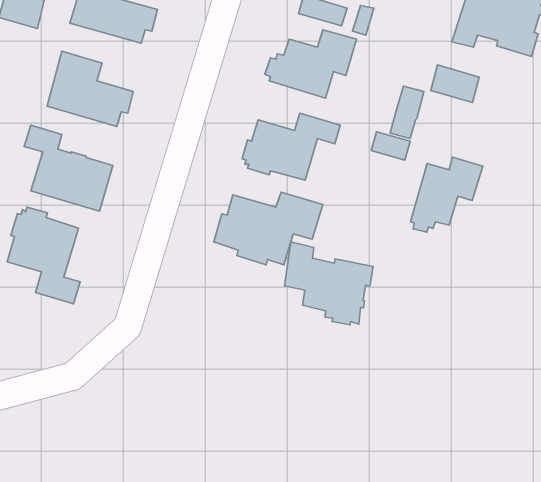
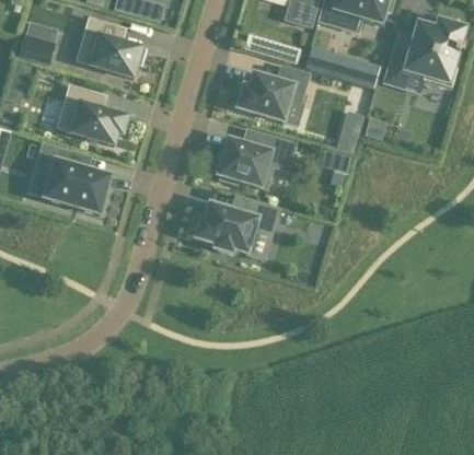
building: [431,65,479,103] -> [339,56,379,86]
building: [411,157,483,232] -> none
building: [7,207,80,304] -> none
building: [284,242,373,325] -> none

